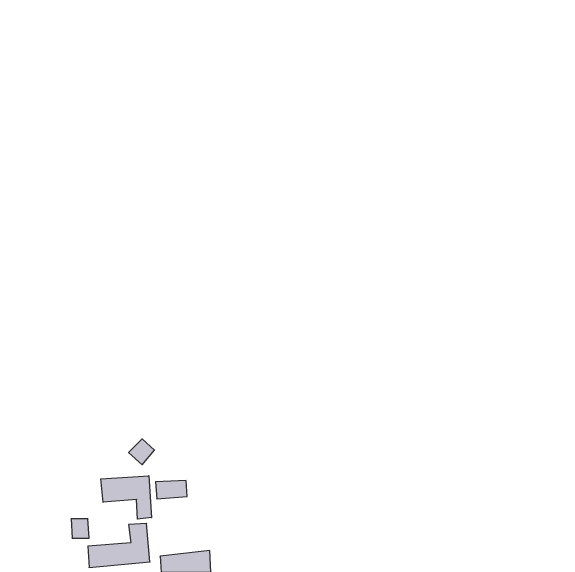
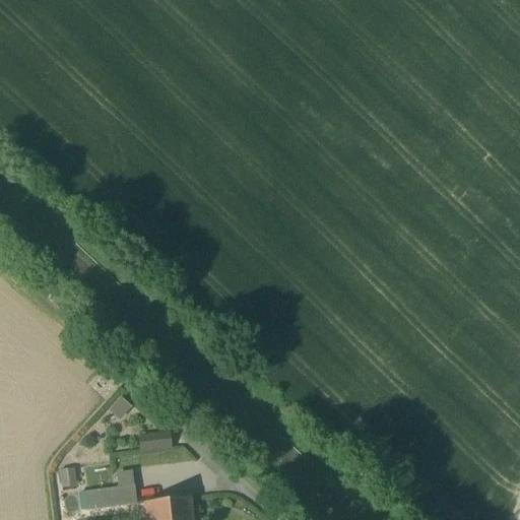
building: [101,476,152,519] -> none

